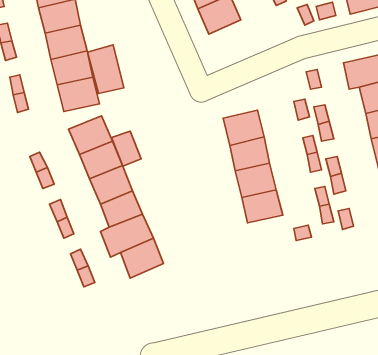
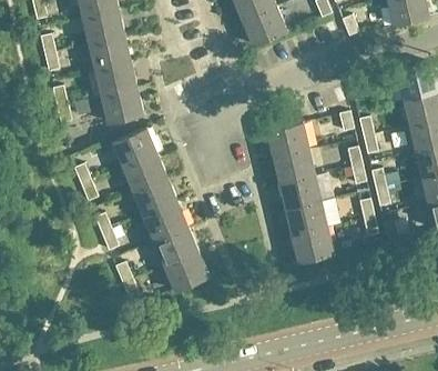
building: [88,45,124,94] -> none
building: [111,131,141,166] -> none
building: none -> [292,228,333,263]

